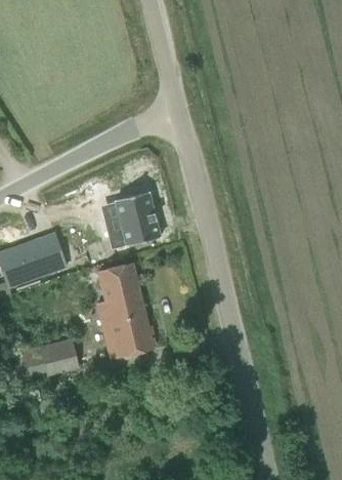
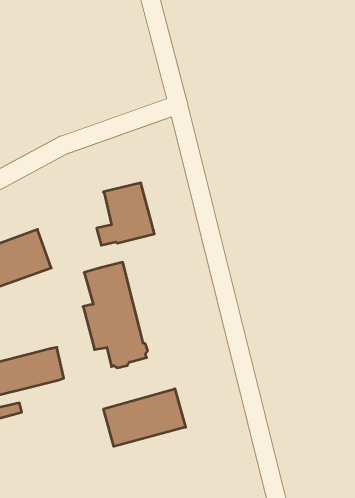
building: none -> [104,389,186,446]

